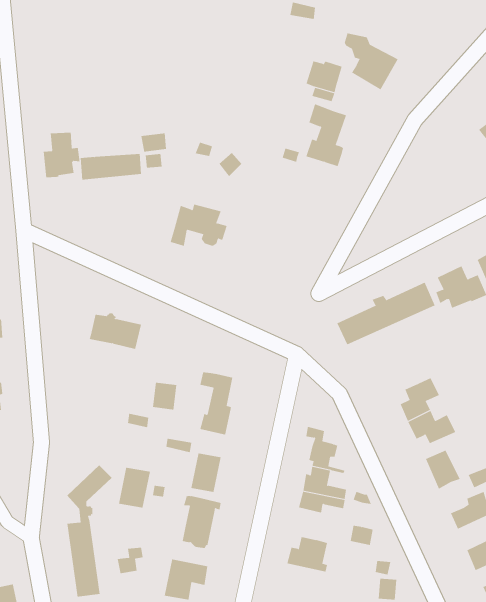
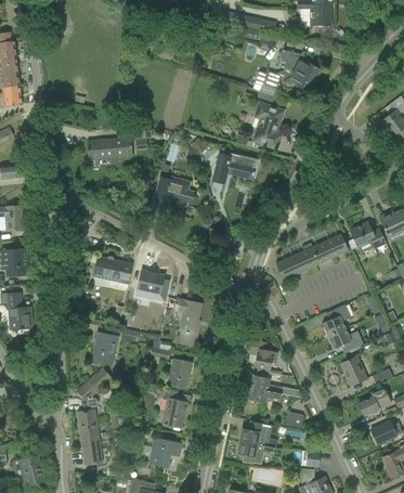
building: [43,132,80,178] -> none
building: none -> [213,153,258,183]
building: none -> [136,270,169,300]
building: [118,467,151,508] -> [93,333,117,363]
building: none -> [237,440,275,464]

